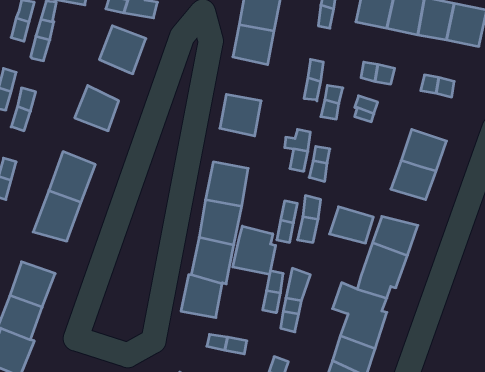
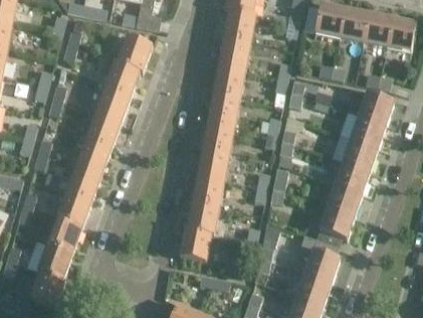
building: none -> [214,59,246,94]
building: none -> [107,60,139,94]
building: none -> [358,92,393,125]
building: none -> [87,107,123,143]
building: none -> [204,115,236,146]
building: [329,207,373,243] -> [335,162,369,190]
building: [233,226,276,274] -> none
building: none -> [55,195,90,227]

